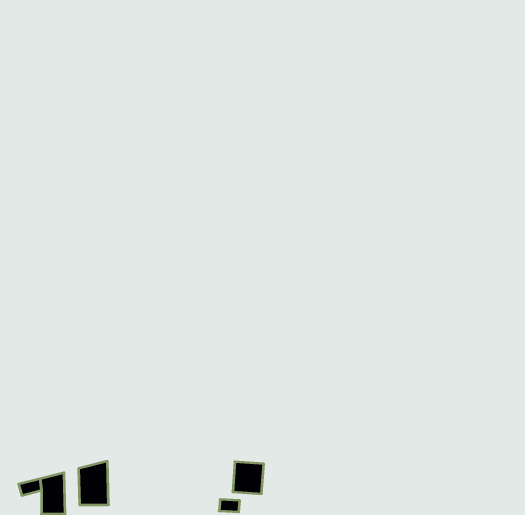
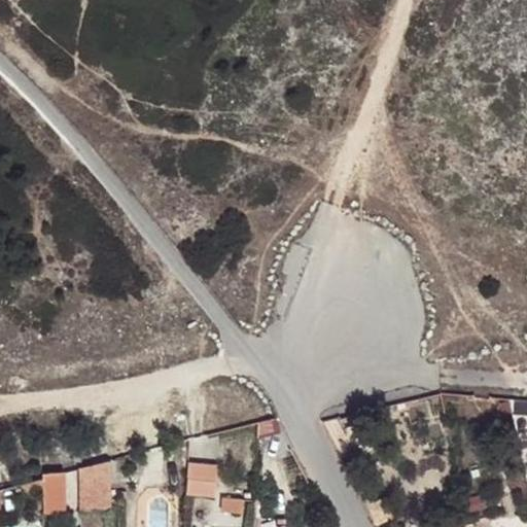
building: [233,462,264,494] -> [187,465,218,497]

